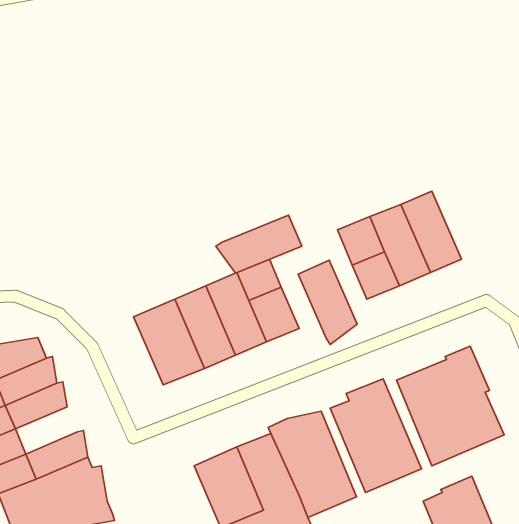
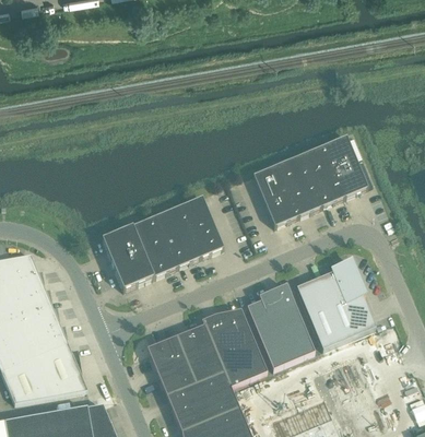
building: none -> [322,135,367,196]
building: [216,215,302,273] -> none
building: [298,260,357,344] -> none
building: none -> [14,305,60,340]

